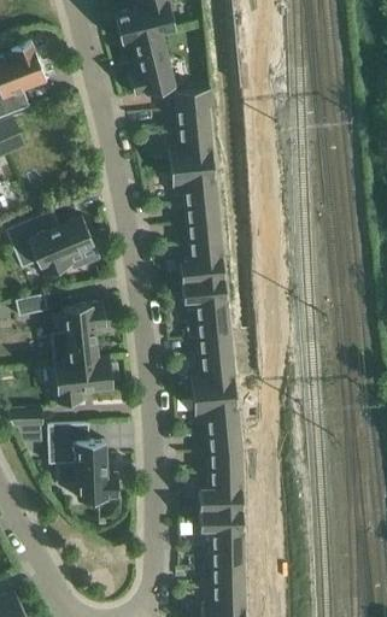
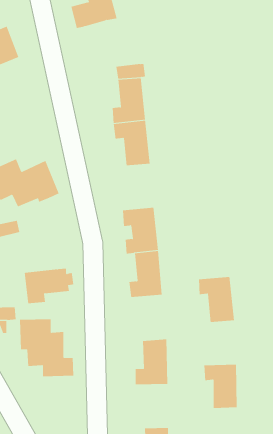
building: [130,34,176,98] -> none
building: [181,222,225,282] -> none
building: [52,304,107,364] -> none
building: [194,393,242,453] -> [198,276,235,322]
building: [200,510,245,568] -> [204,364,238,408]

